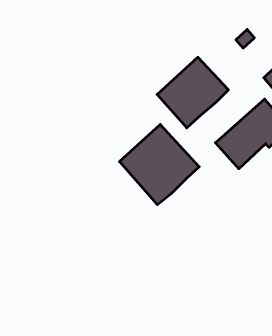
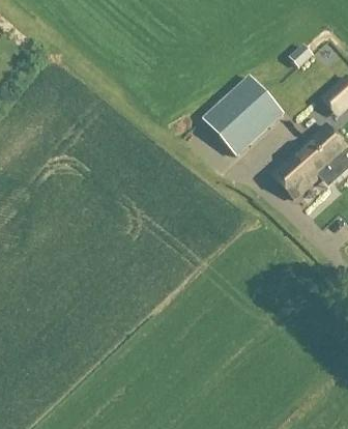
building: [119,124,199,205] -> none

